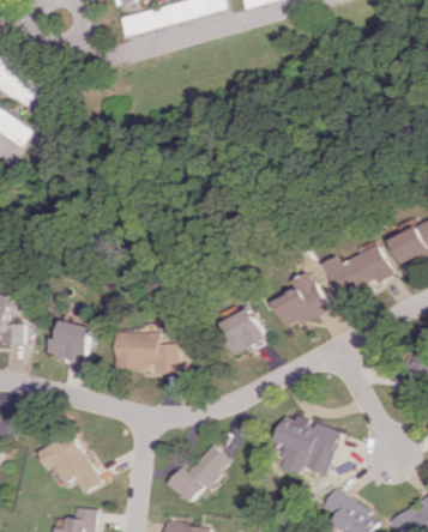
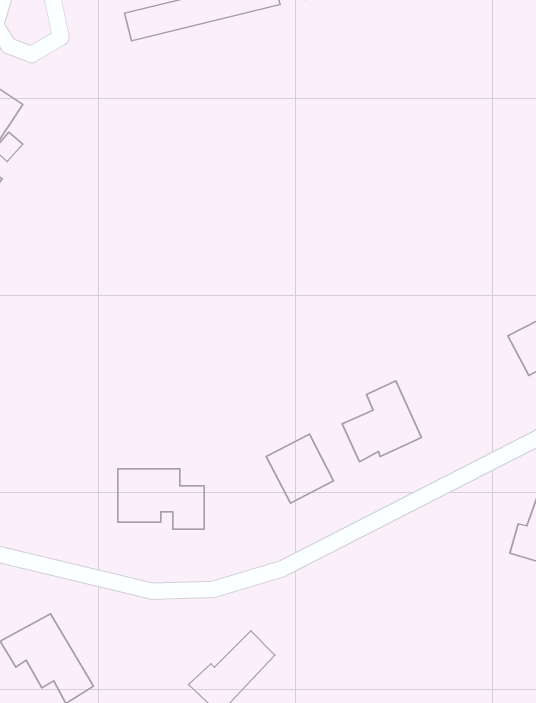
building: [324,244,393,300] -> none
building: [49,321,92,362] -> none
building: [276,417,338,473] -> none

